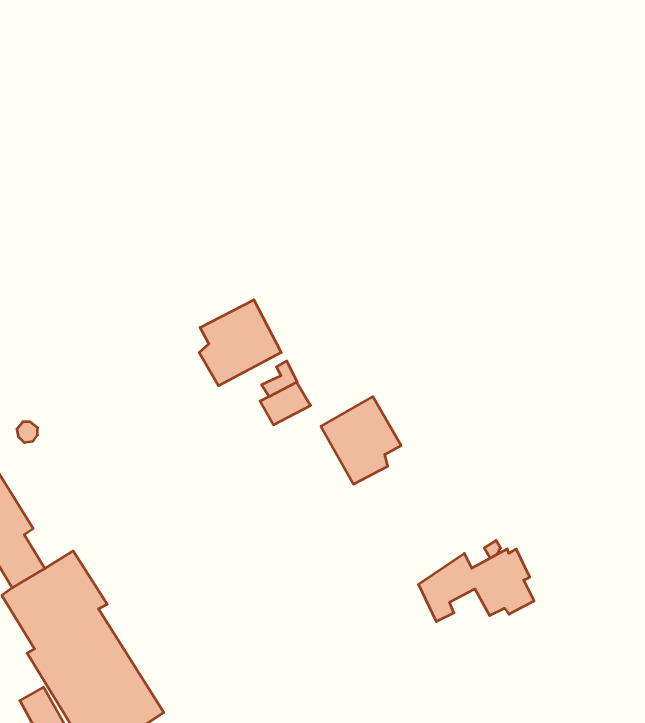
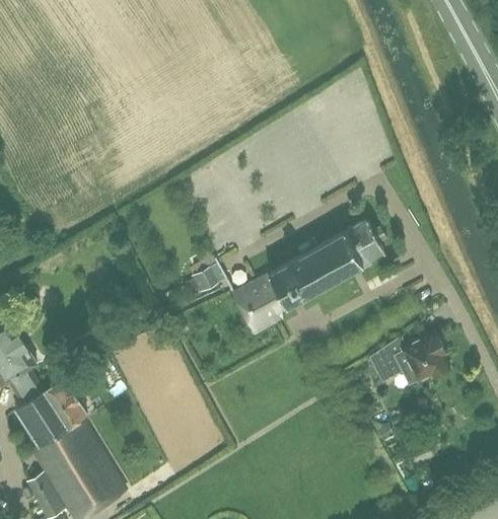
building: [199,300,281,386] -> none
building: none -> [269,221,386,308]
building: [418,549,534,622] -> [370,335,449,384]

